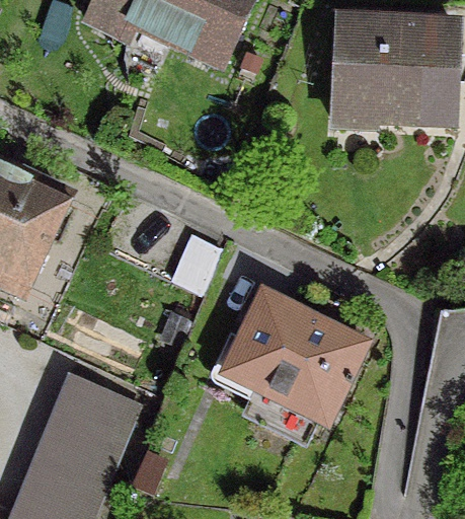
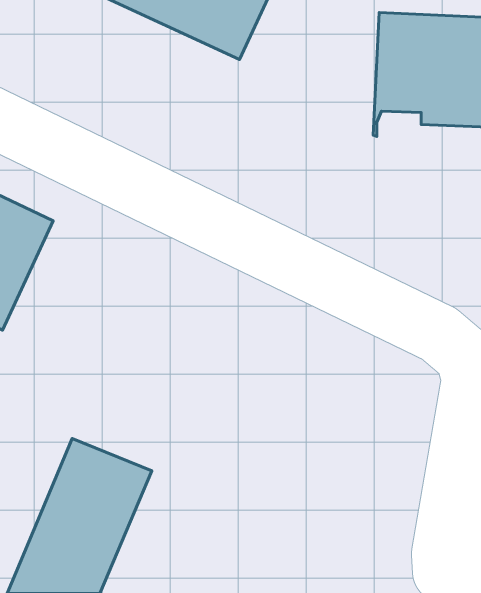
building: [220,294,360,422] -> none

